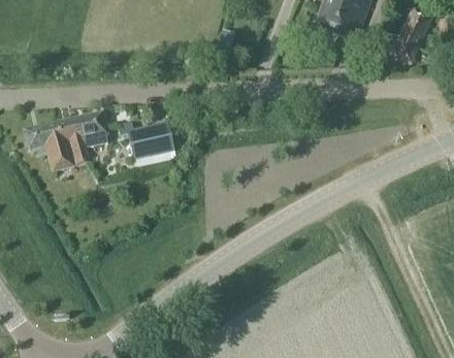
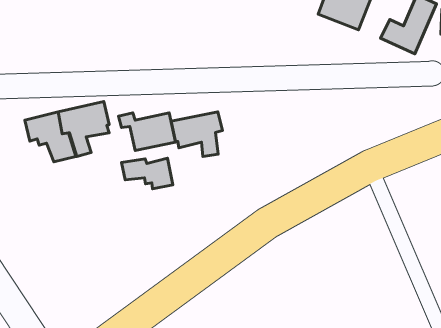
building: none -> [171,112,223,157]
building: none -> [121,158,173,189]

